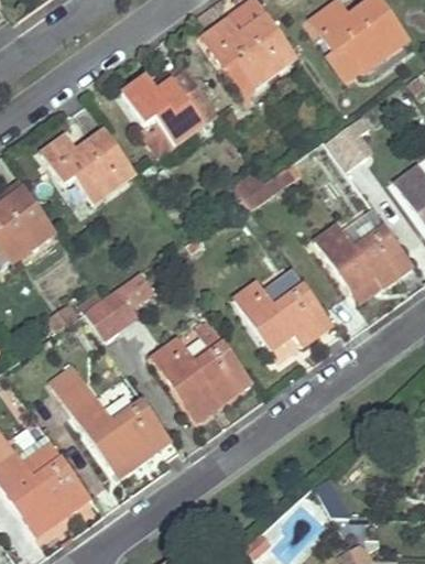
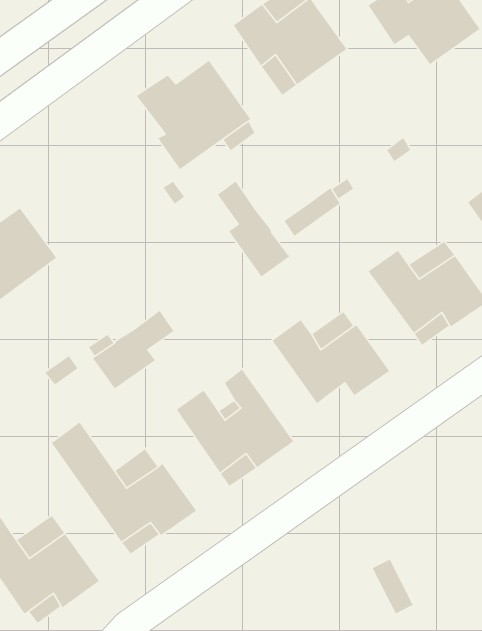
building: [41,129,137,202] -> none
building: none -> [217,180,291,278]

